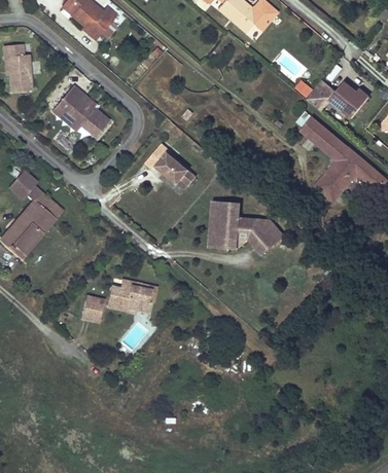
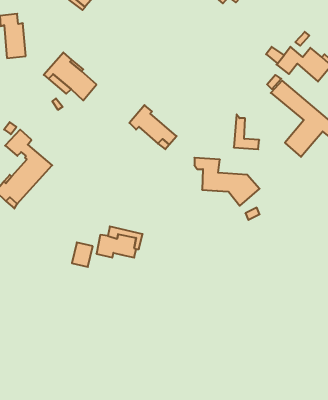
building: [213,210,241,248] -> [234,114,259,149]

